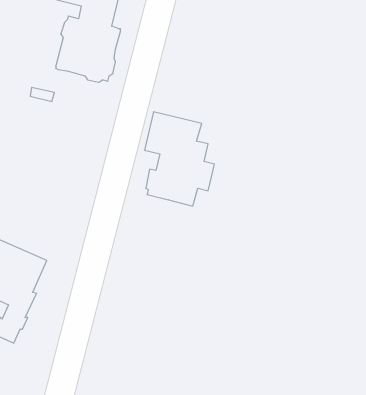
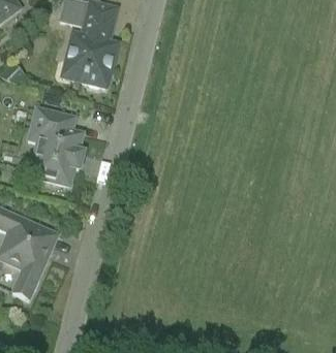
building: [144,112,214,206] -> [29,107,86,184]

